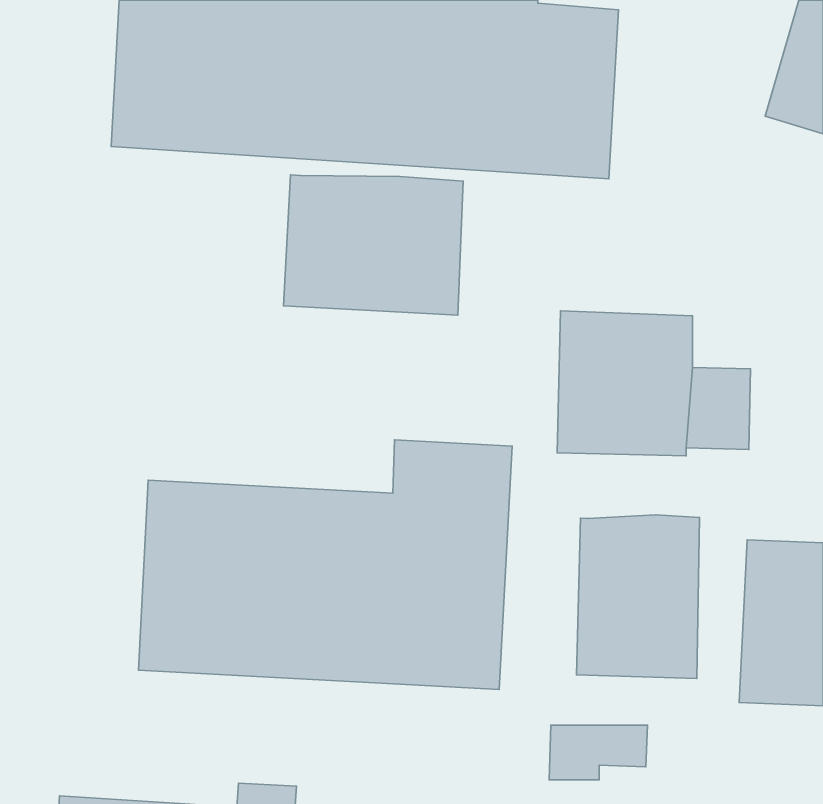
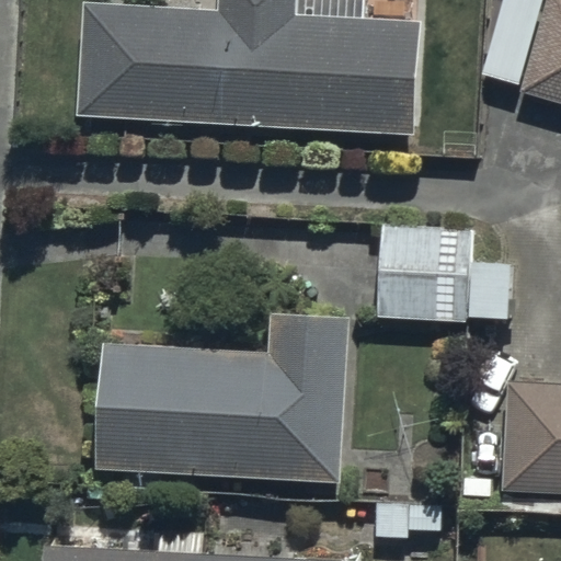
building: [284,175,463,315] -> none
building: [577,515,699,678] -> none

